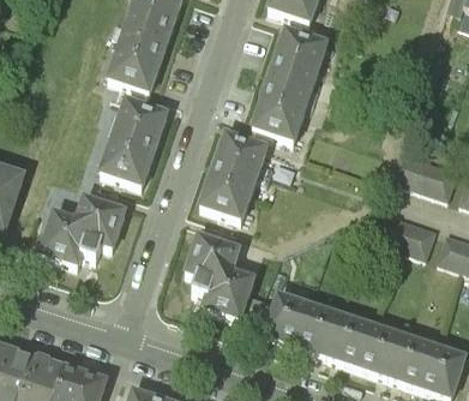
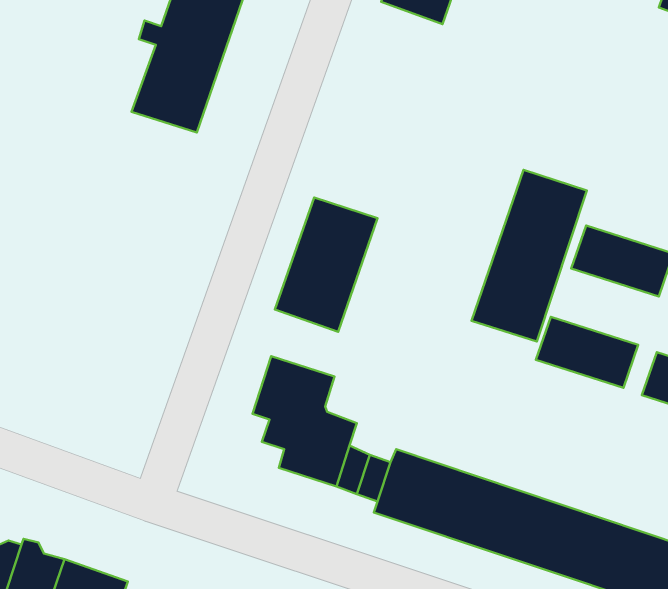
building: [252,29,326,139] -> [471,170,587,341]
building: [101,97,168,185] -> none
building: [41,196,125,264] -> none

